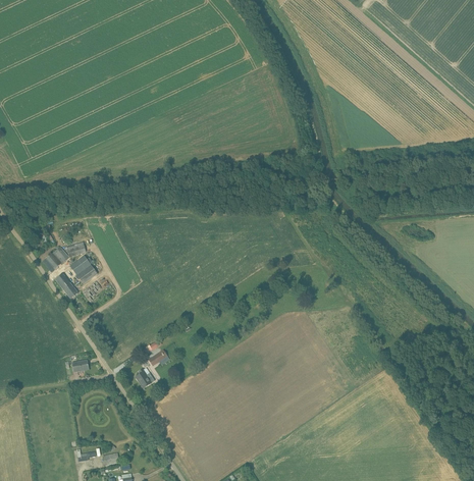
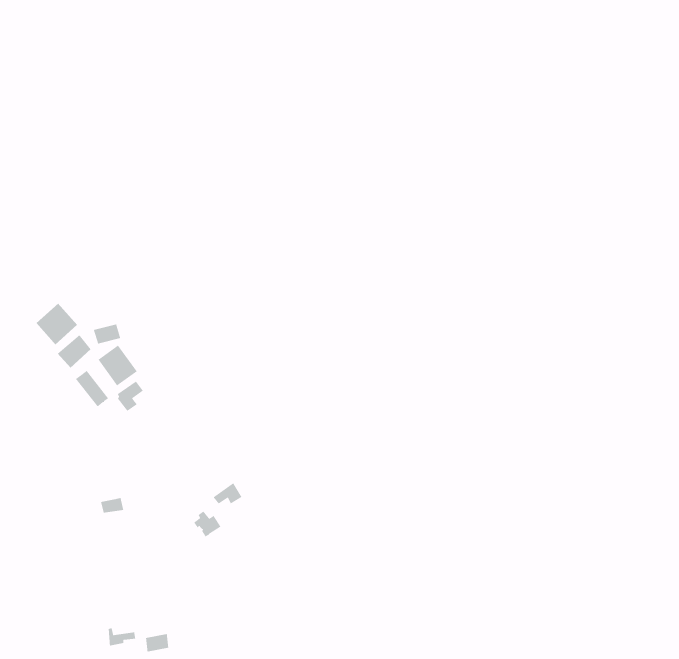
building: none -> [35,303,78,345]

